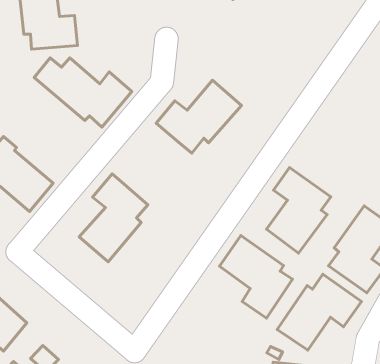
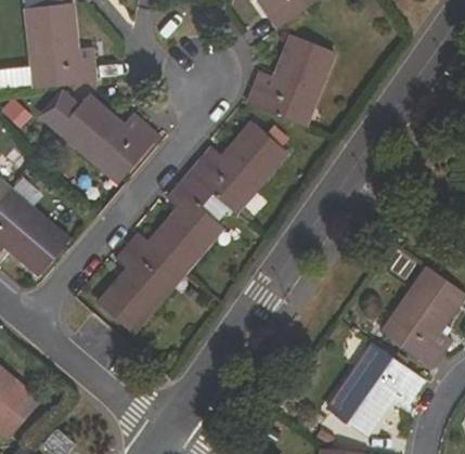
building: none -> [247,36,333,124]
building: none -> [151,172,222,272]
building: [266,168,331,253] -> none
building: [219,235,293,318] -> none

